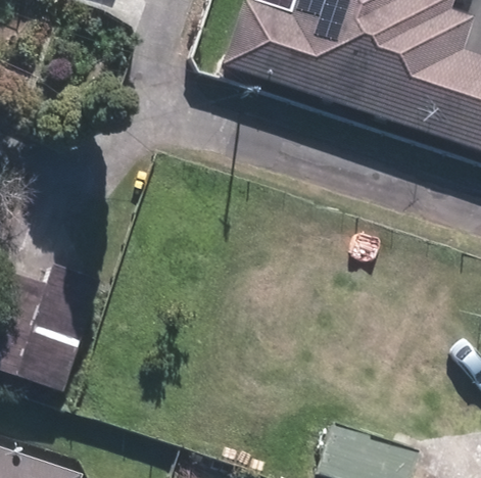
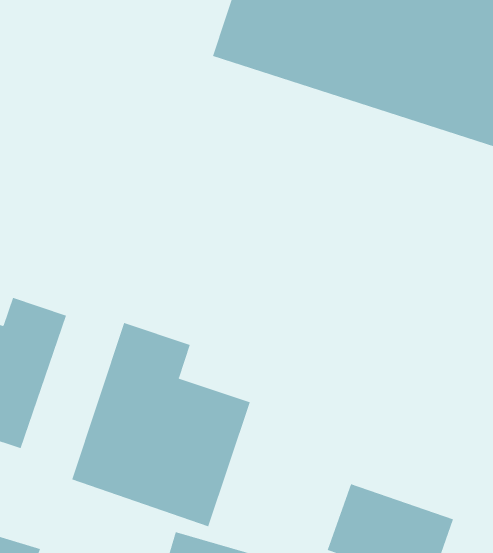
building: none -> [72,322,251,527]

